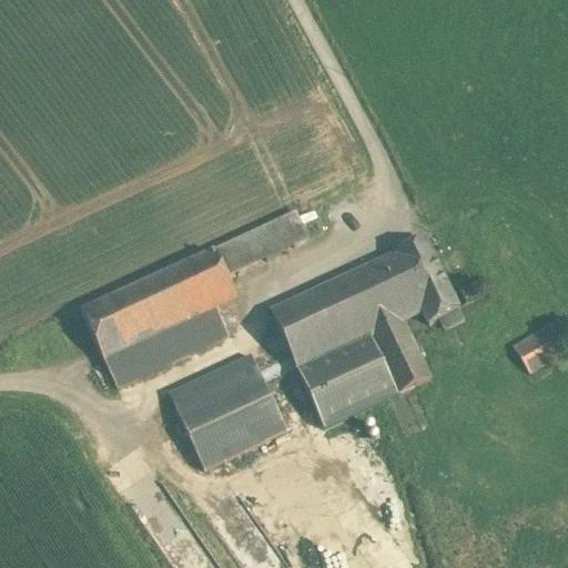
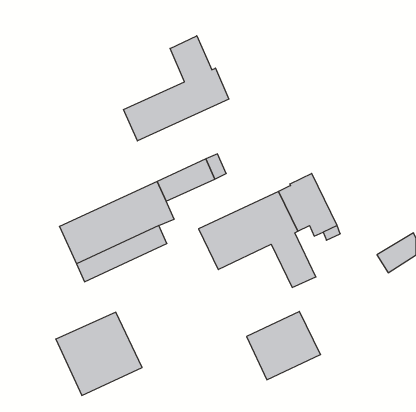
building: none -> [124,36,229,141]
building: [297,333,398,426] -> [247,311,321,380]
building: [169,354,286,467] -> [56,312,142,395]

